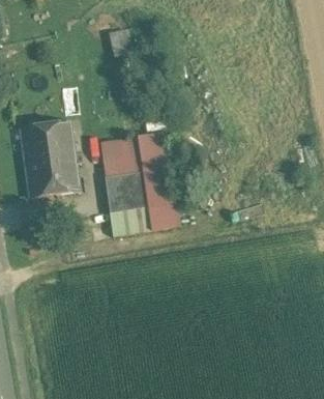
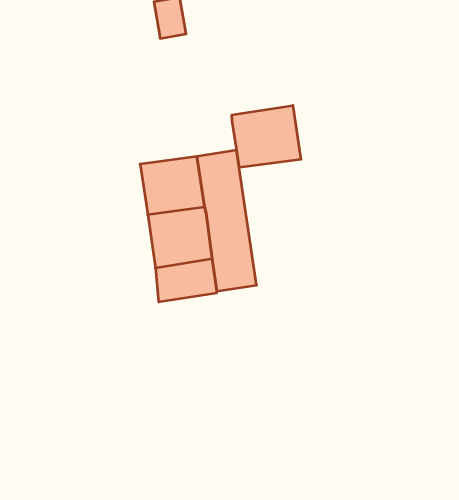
building: none -> [232,105,301,167]
building: [21,121,79,197] -> none

